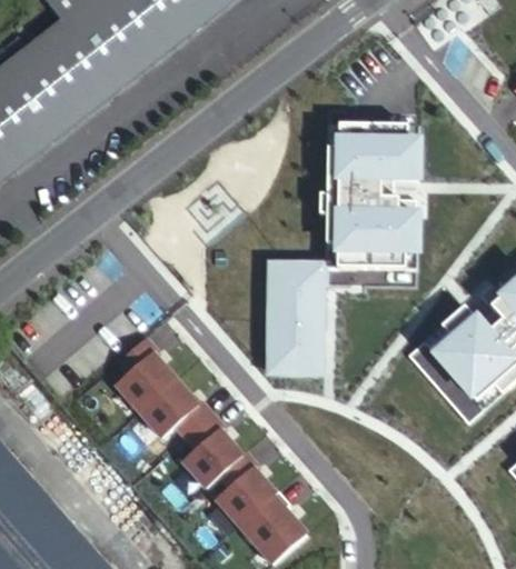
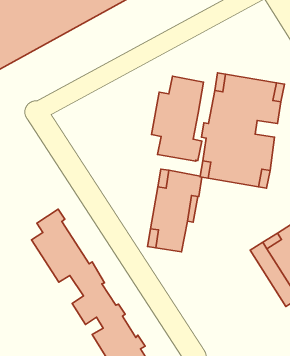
building: none -> [151,76,204,161]

